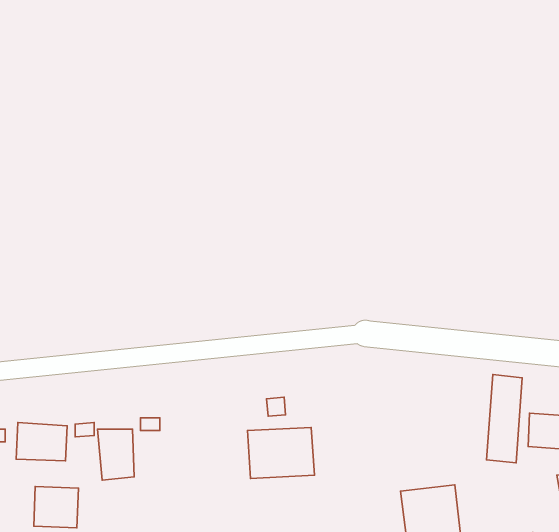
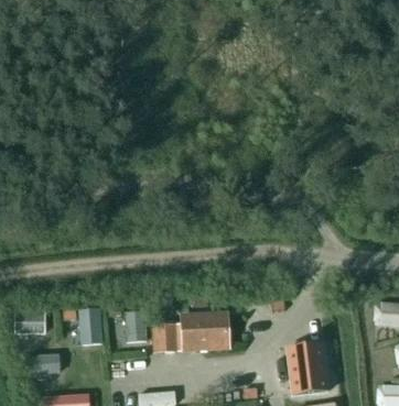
building: [487,375,522,463] -> none
building: none -> [118,316,140,348]
building: none -> [151,322,177,351]

